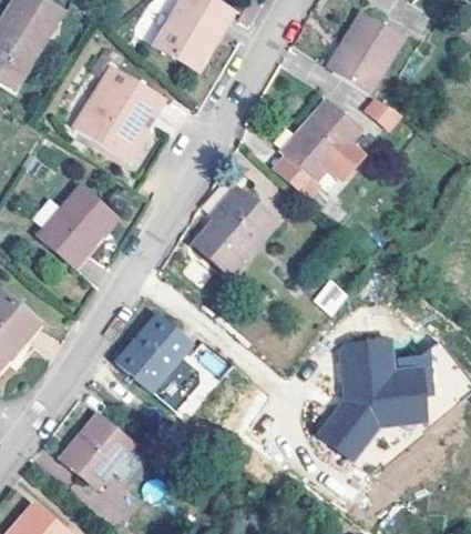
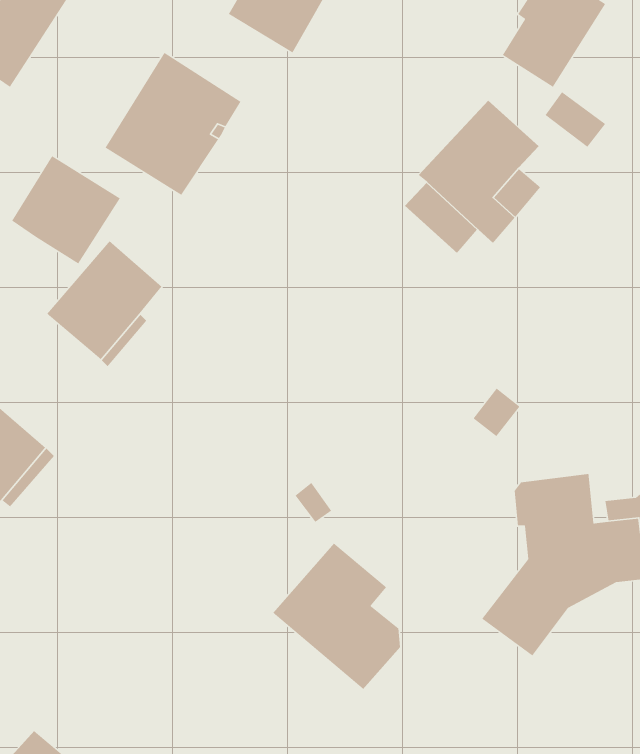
building: none -> [11,155,121,265]
building: [195,191,274,275] -> none
building: [115,315,198,411] -> [272,543,401,690]
building: [60,416,131,488] -> none

